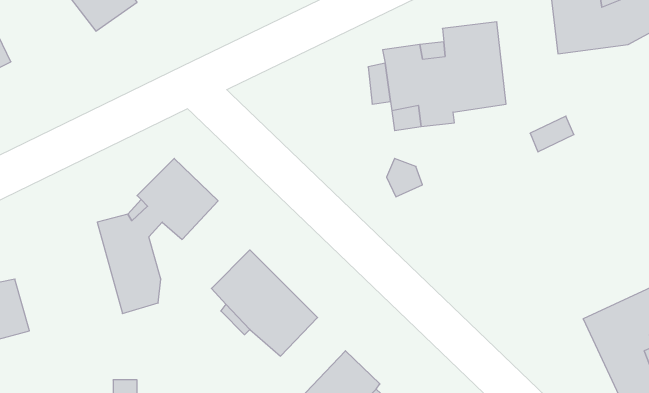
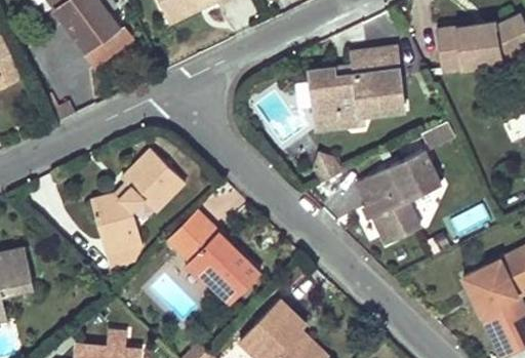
building: none -> [355,148,440,243]

